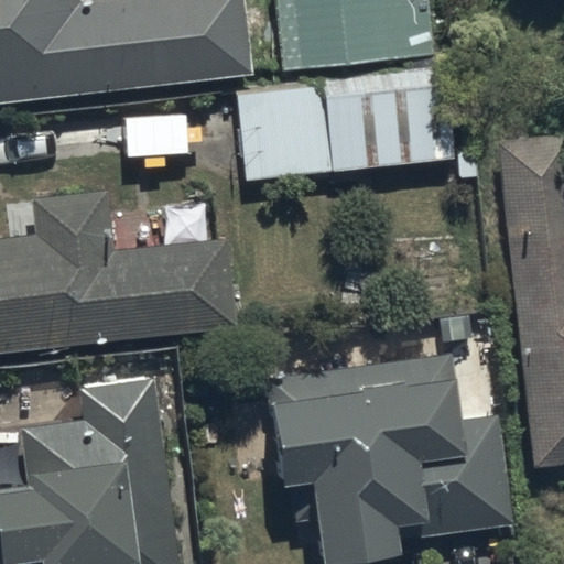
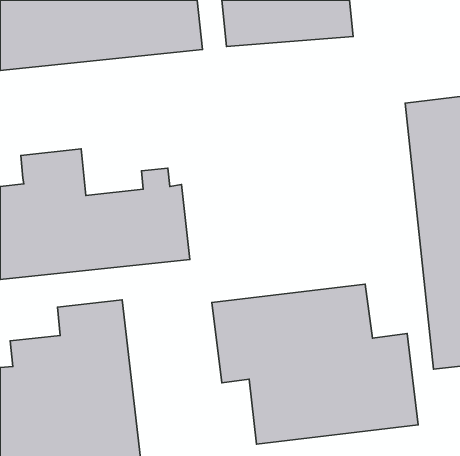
building: [238,70,456,183] -> none

